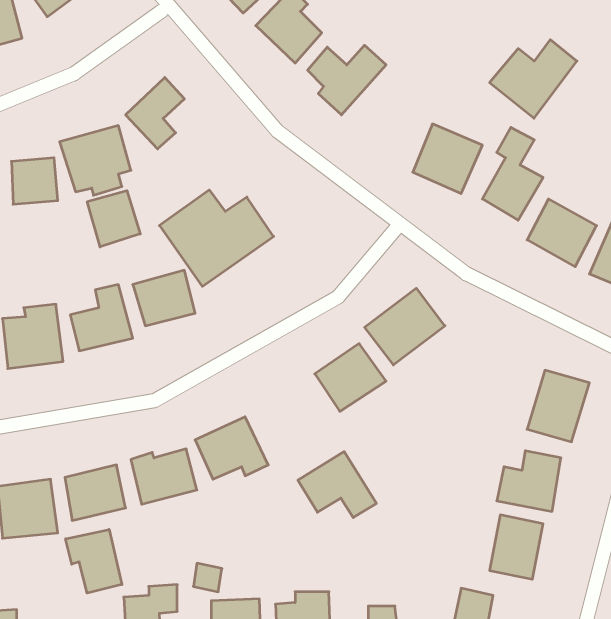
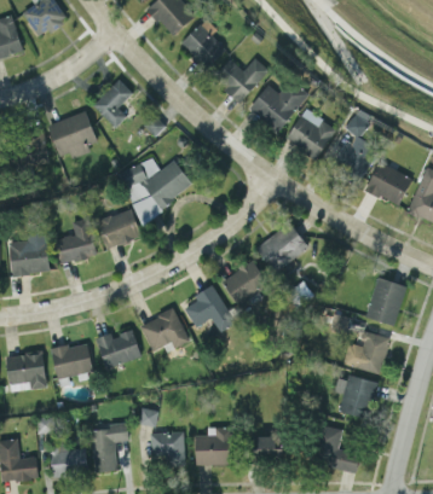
building: [490,40,577,118] -> [249,79,308,132]
building: [87,191,140,247] -> none
building: [298,452,376,518] -> [183,286,236,331]
building: [66,529,122,593] -> none

